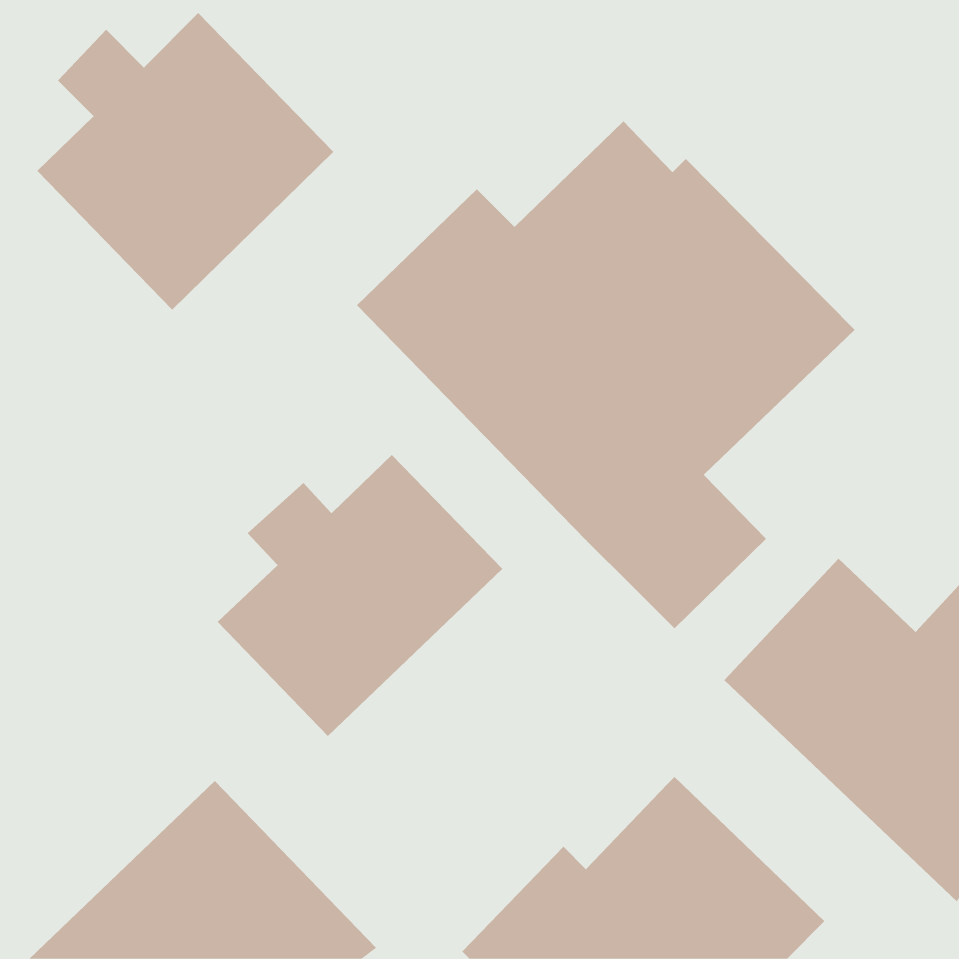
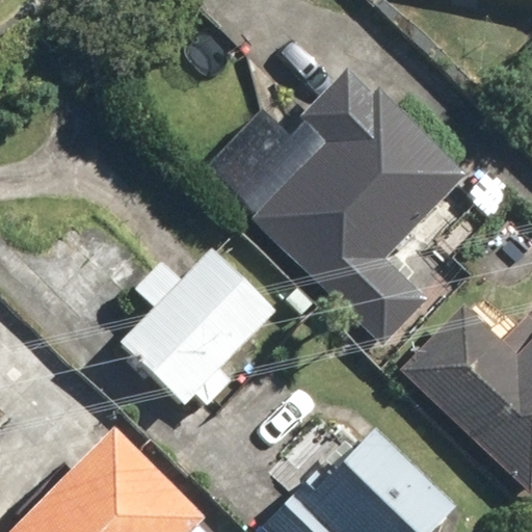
building: [36,12,334,311] -> none

